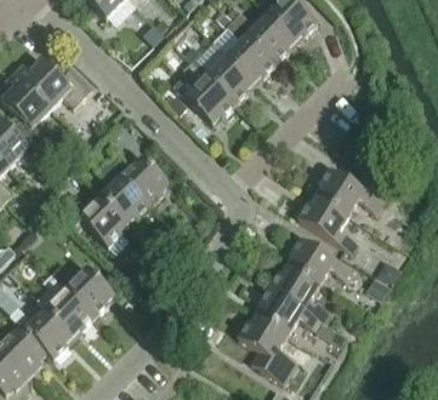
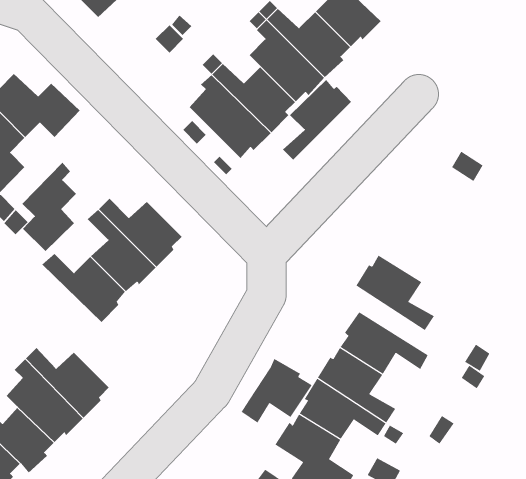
building: none -> [282,79,352,160]
building: none -> [22,162,77,253]
building: [315,168,391,216] -> none
building: none -> [241,358,313,423]

